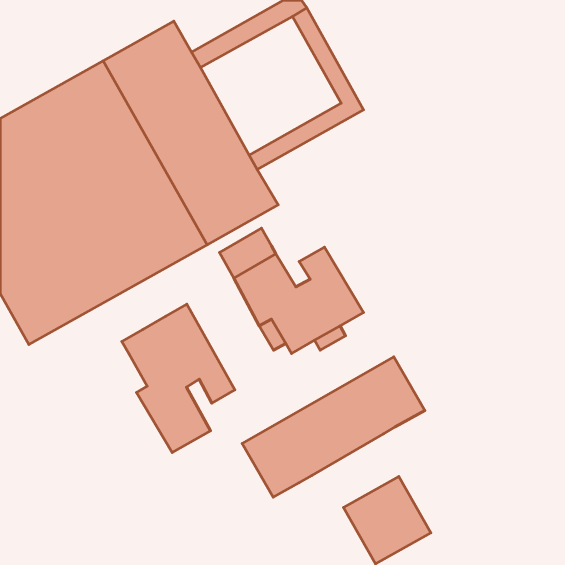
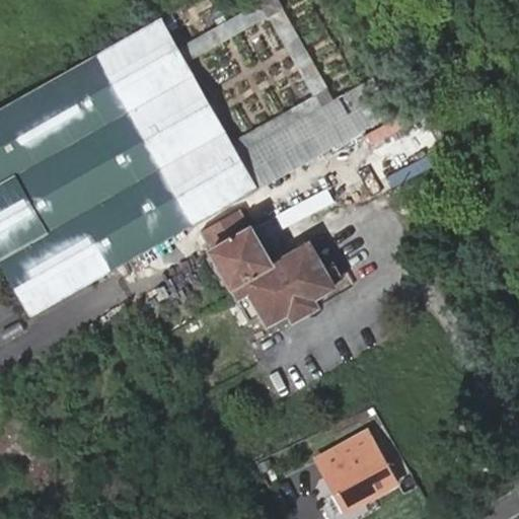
building: none -> [236,77,396,189]
building: [122,304,235,452] -> none
building: [242,357,425,497] -> none

